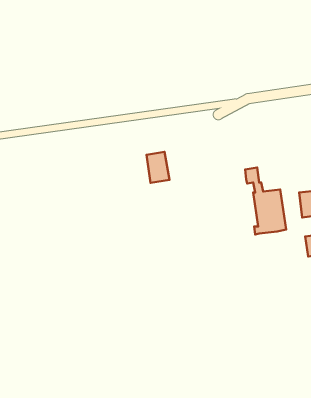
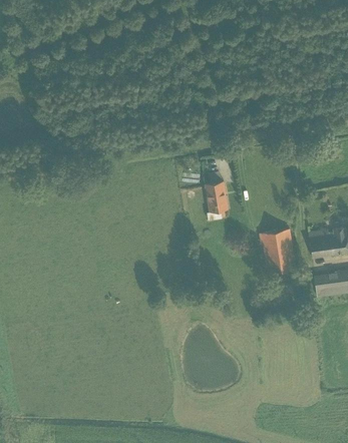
building: [147,152,170,183] -> [205,181,228,212]

